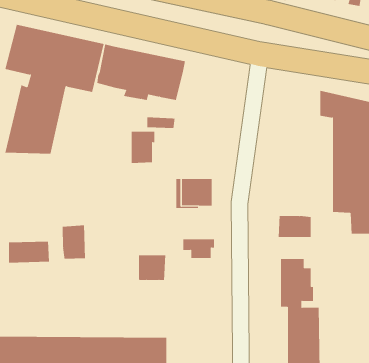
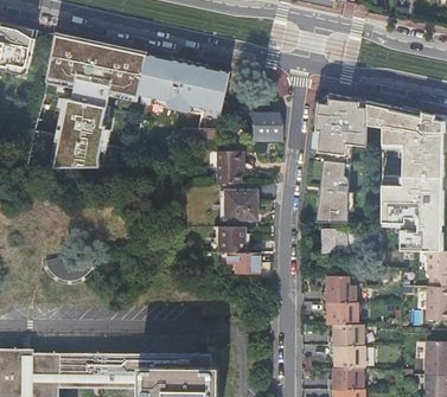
building: none -> [311,94,365,224]
building: none -> [251,114,282,141]
building: [131,131,155,164] -> [219,152,244,185]
building: [62,224,86,260] -> none
building: [138,255,166,280] -> [217,228,245,254]

